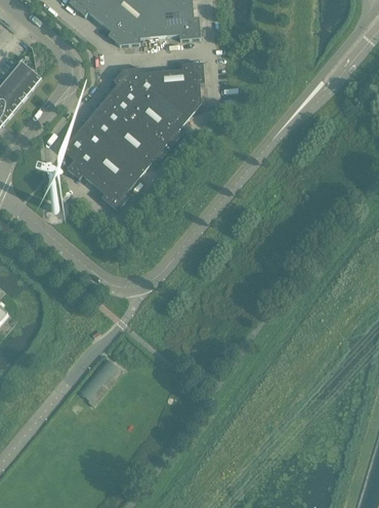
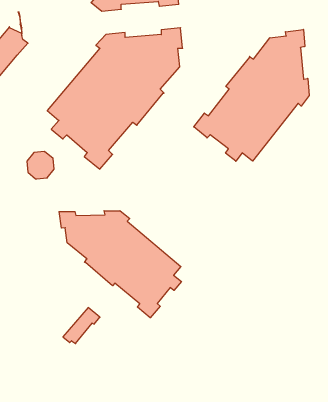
building: none -> [194,29,309,161]
building: none -> [59,211,181,318]

